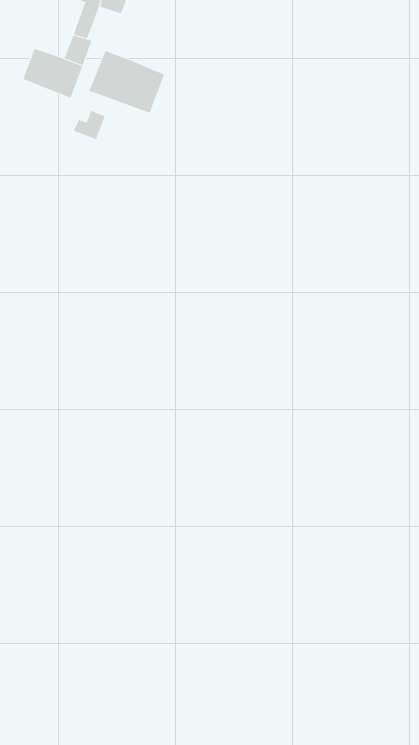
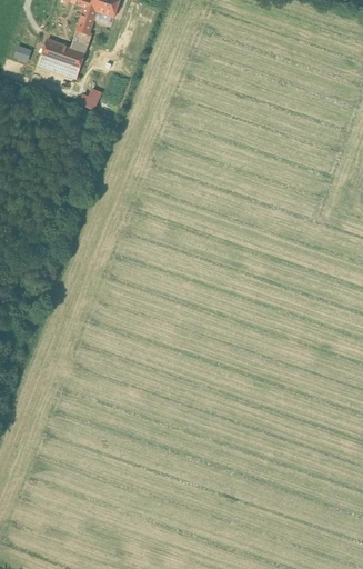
building: [89,50,165,113] -> none

